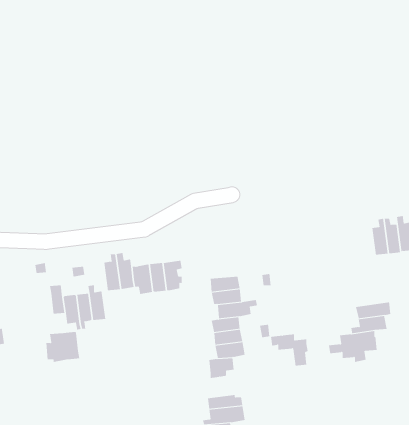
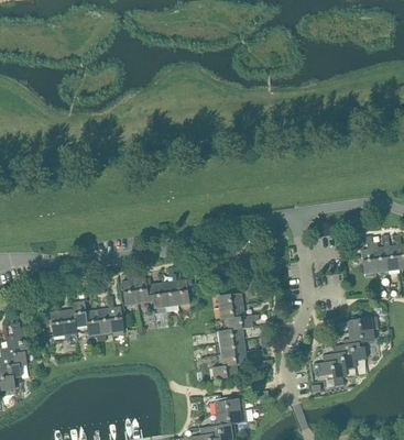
building: [46,330,80,362] -> [46,308,77,337]
building: [270,334,308,366] -> [312,361,346,389]

